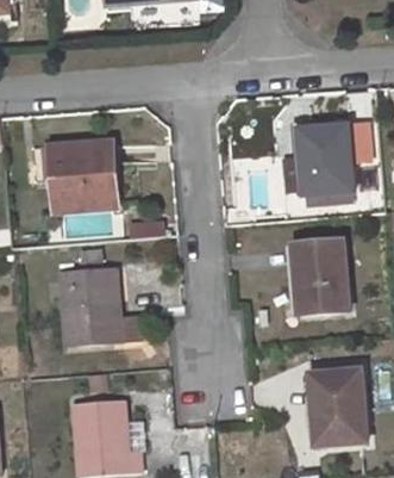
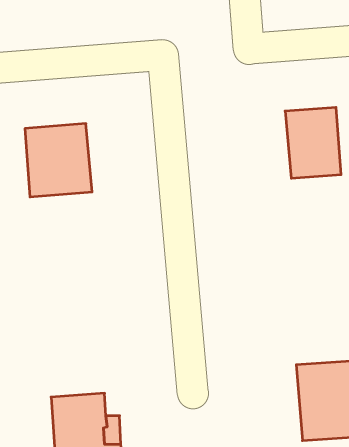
building: [293,241,348,315] -> none
building: [61,268,131,344] -> none

